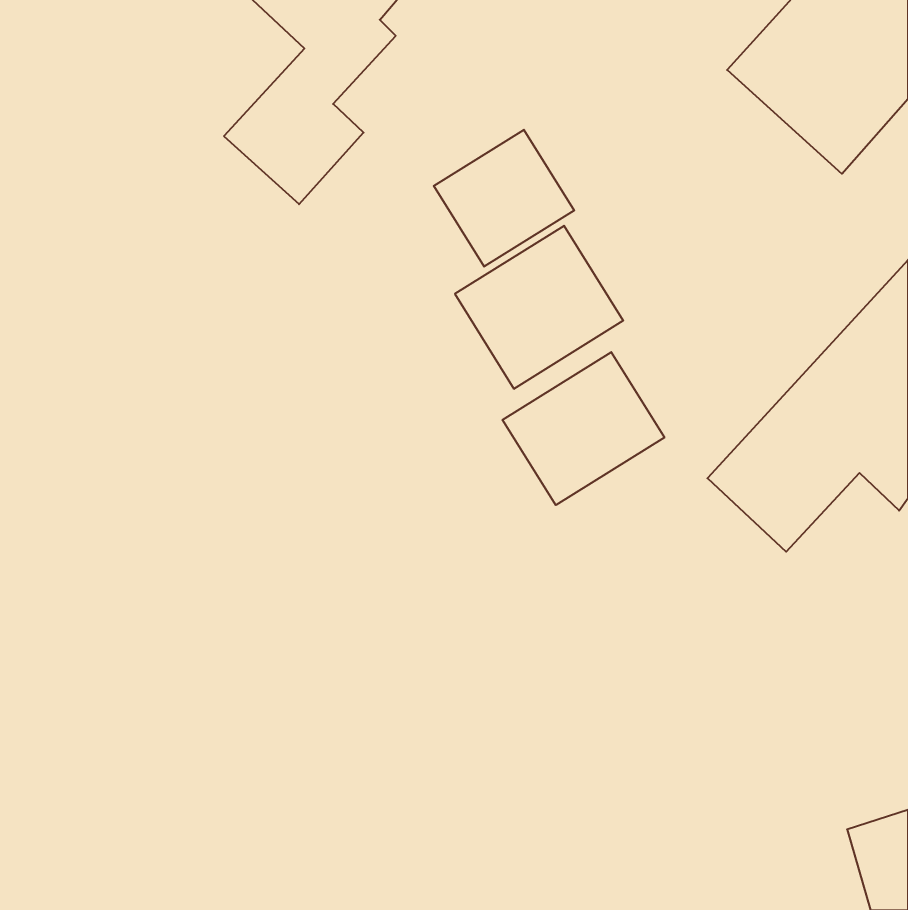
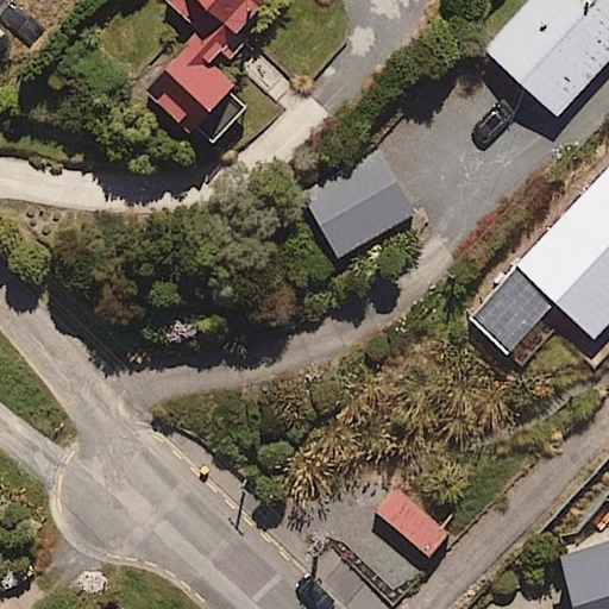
building: [434,130,574,267] -> none
building: [503,352,664,505] -> none

